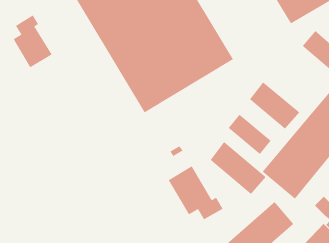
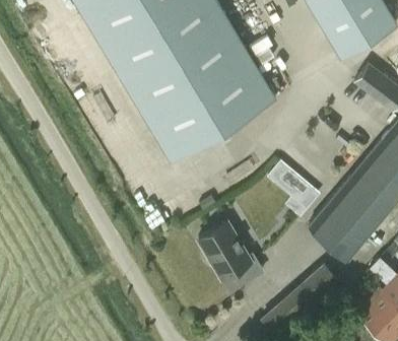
building: [13,14,52,68] -> none
building: [249,81,300,130] -> none
building: [210,141,267,195] -> none

